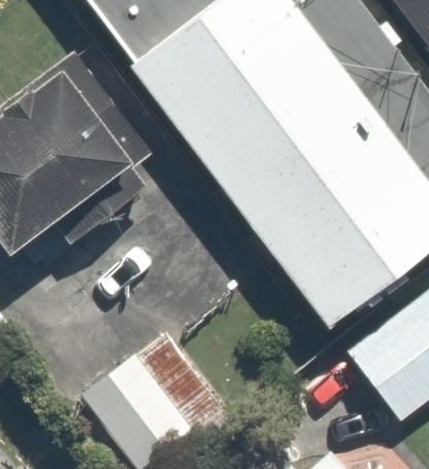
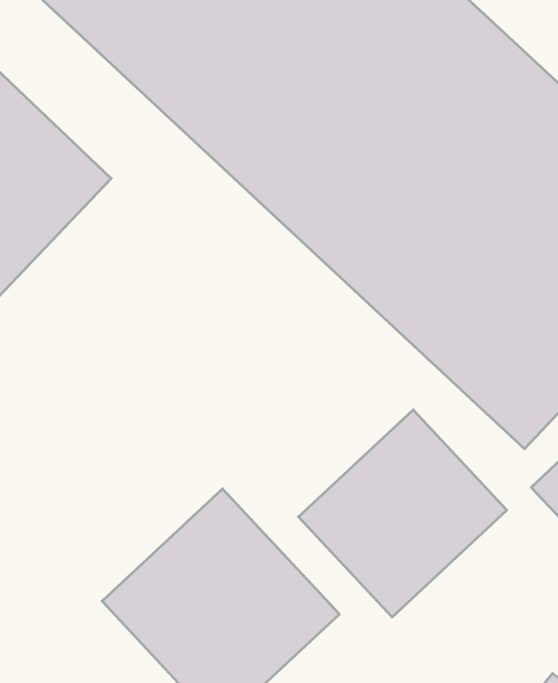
building: none -> [298,410,507,617]

